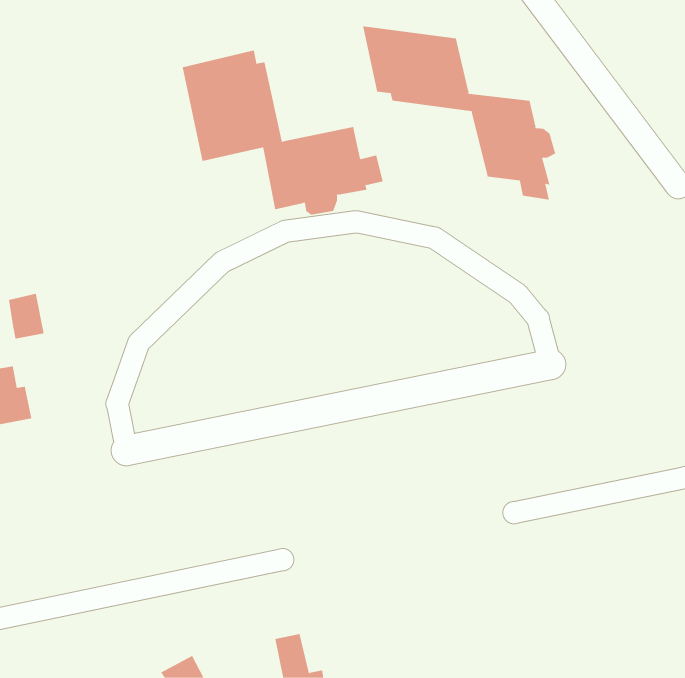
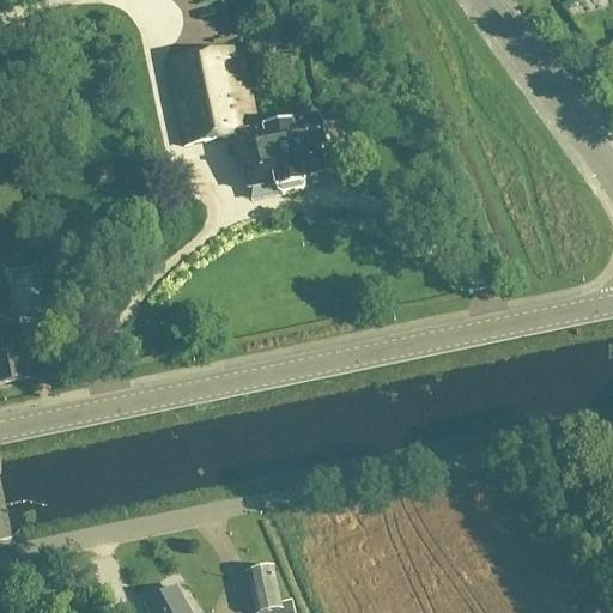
building: [363,25,556,201] -> none

